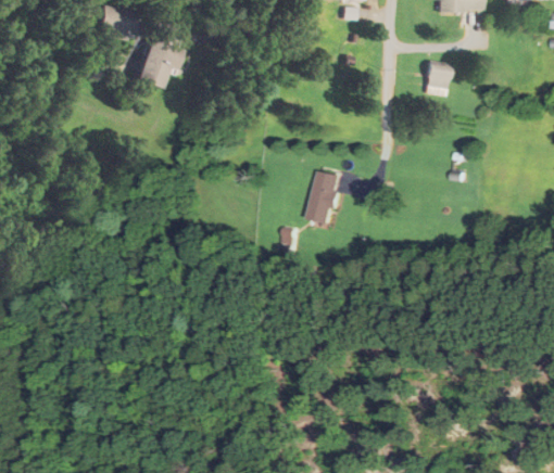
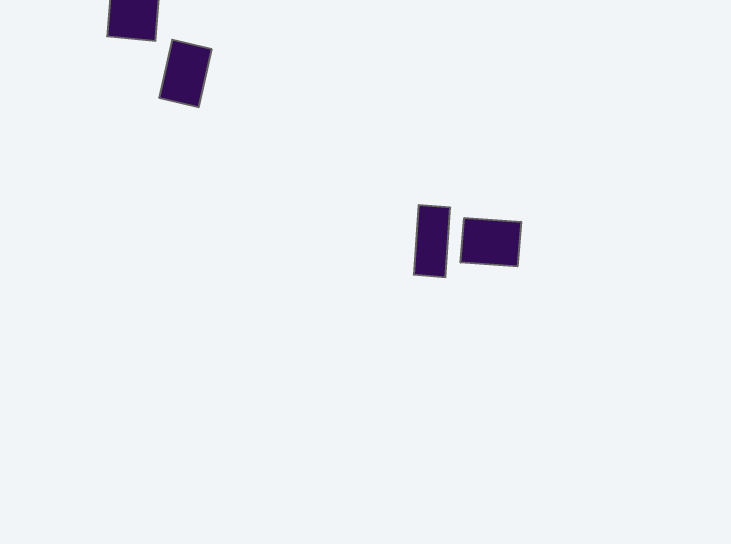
building: [425,60,451,95] -> none
building: none -> [461,218,521,266]

